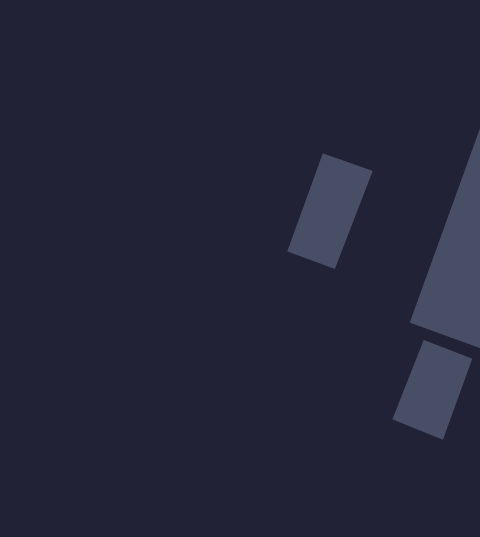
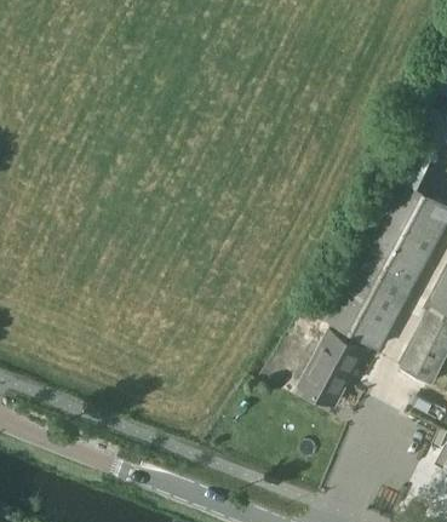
building: [286,153,373,270] -> none

